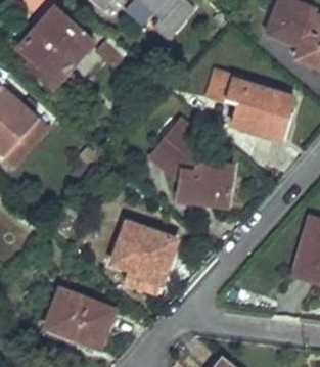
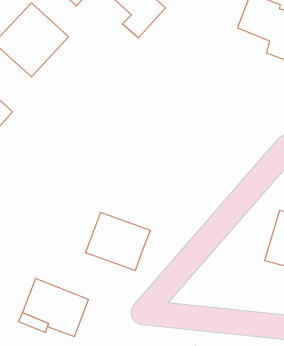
building: [210,68,294,140] -> none
building: [150,124,233,204] -> none

